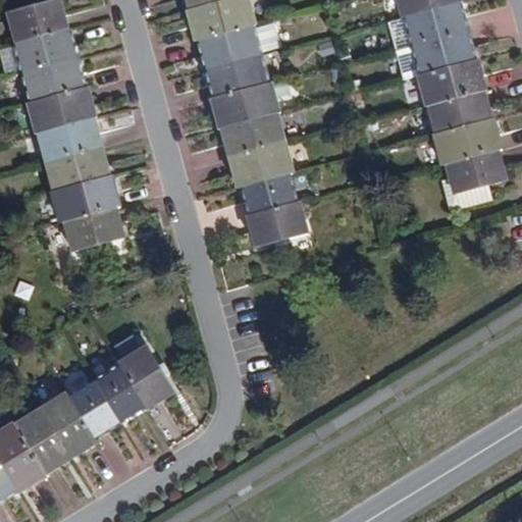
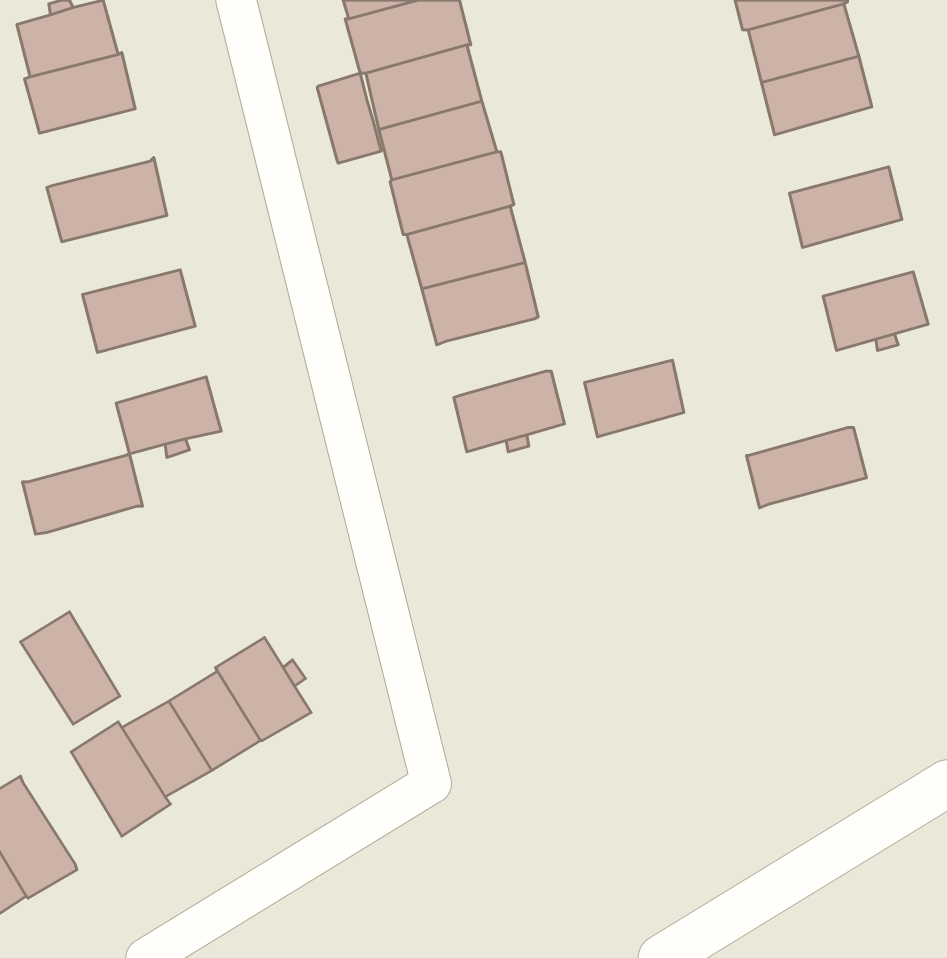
building: none -> [317,73,381,163]
building: [419,58,485,106] -> none
building: [21,59,82,101] -> none
building: [38,117,98,160] -> none
building: [435,119,501,163] -> [746,427,866,508]
building: [243,173,297,215] -> [584,360,684,437]
building: [50,176,115,220] -> [23,454,143,534]
building: [12,409,66,470] -> [21,612,120,724]

